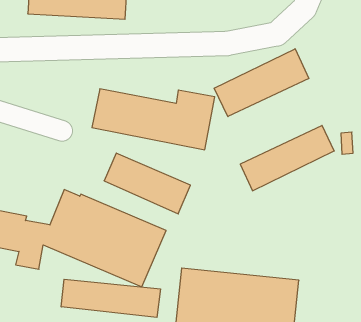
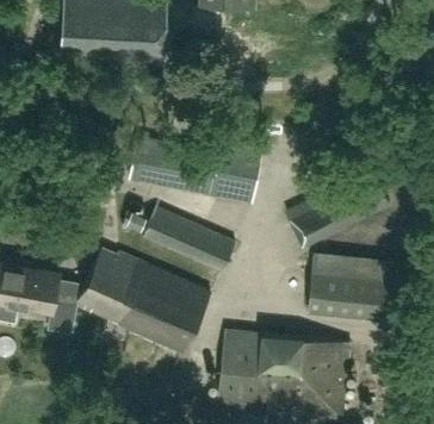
building: [214,49,309,117] -> none
building: none -> [306,251,411,320]
building: [61,279,160,317] -> none

